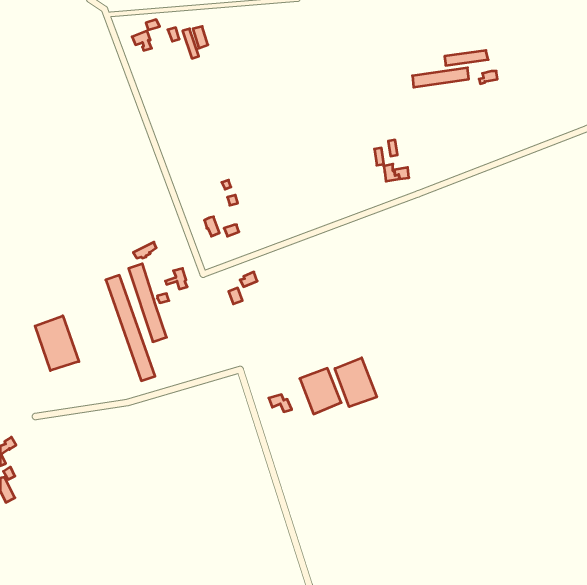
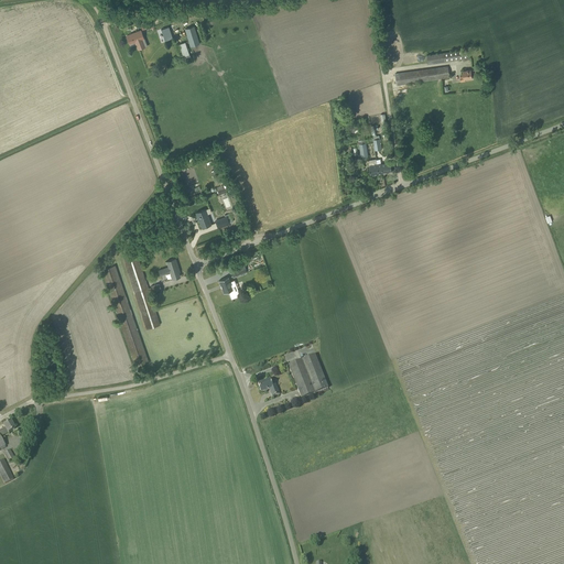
building: [35,316,79,371] -> none
building: [335,358,377,407] -> none

